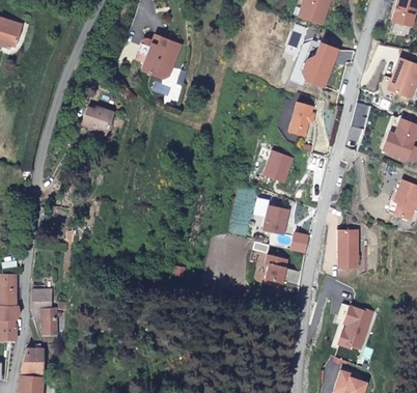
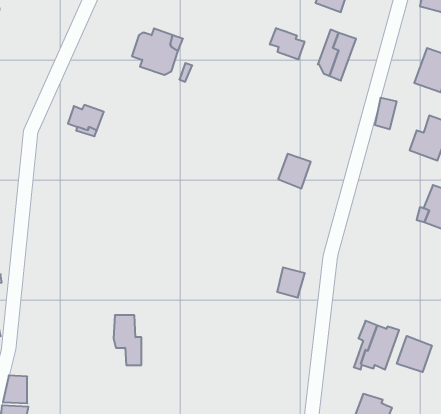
building: none -> [270,28,304,60]
building: [290,103,314,136] -> none
building: [266,204,311,251] -> none
building: [340,230,361,268] -> none
building: [31,289,56,334] -> [114,315,141,365]
building: none -> [397,336,432,372]

